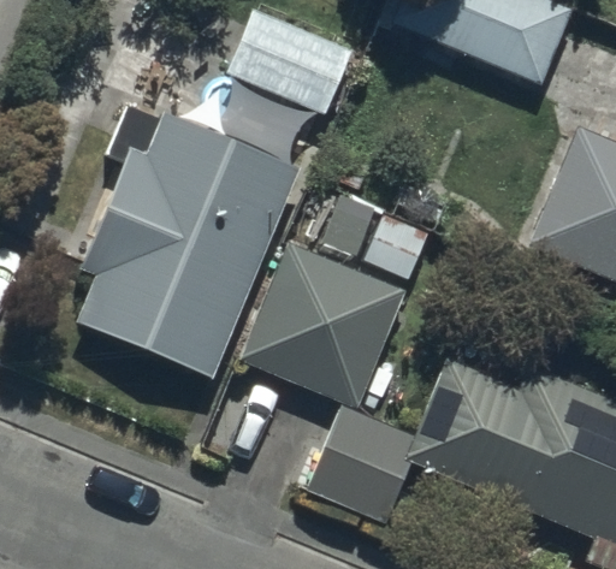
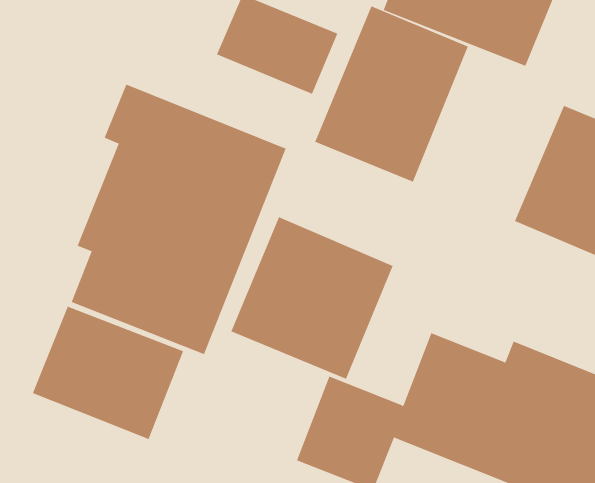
building: none -> [314,6,468,183]
building: none -> [32,306,184,440]

